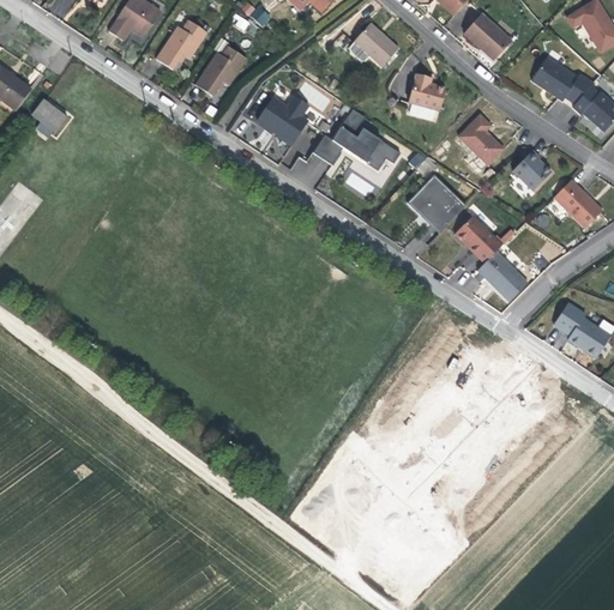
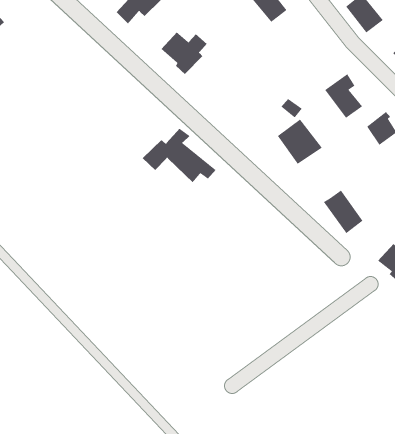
building: [408,76,445,111] -> none
building: [313,108,403,170] -> [142,128,216,183]
building: [453,213,504,261] -> none

